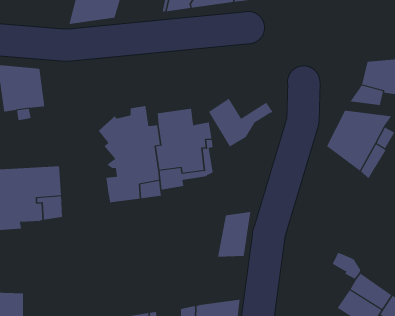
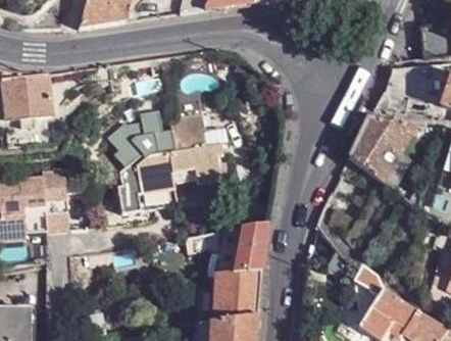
building: [208,98,273,147] -> none
building: none -> [214,270,262,321]

